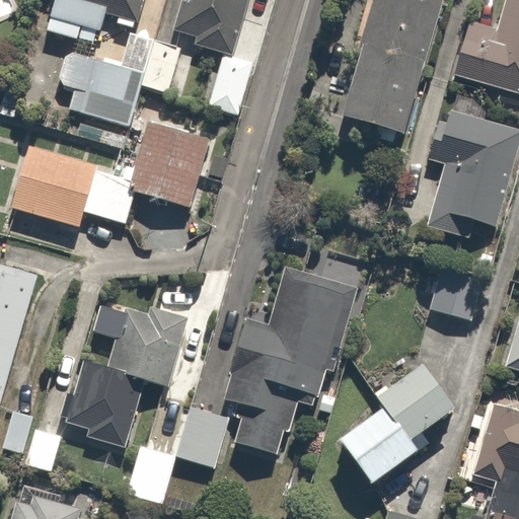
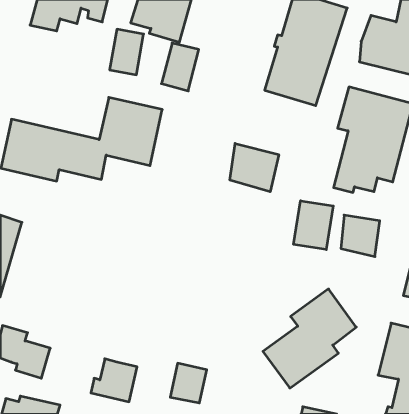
building: [55,50,141,125] -> none
building: none -> [230,143,279,192]
building: none -> [294,201,333,250]
building: [223,270,362,454] -> none
building: [58,301,184,446] -> none
building: [178,412,224,461] -> [170,363,207,403]

